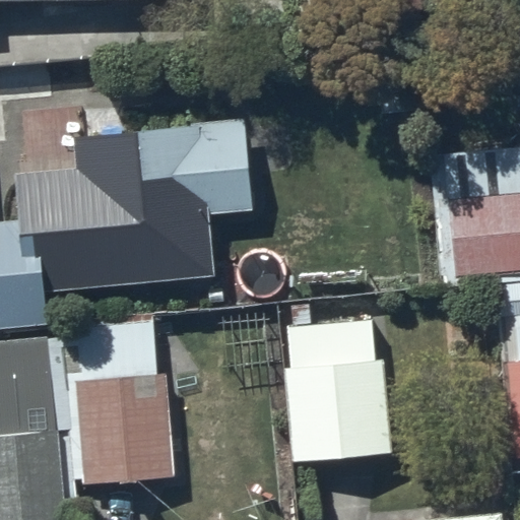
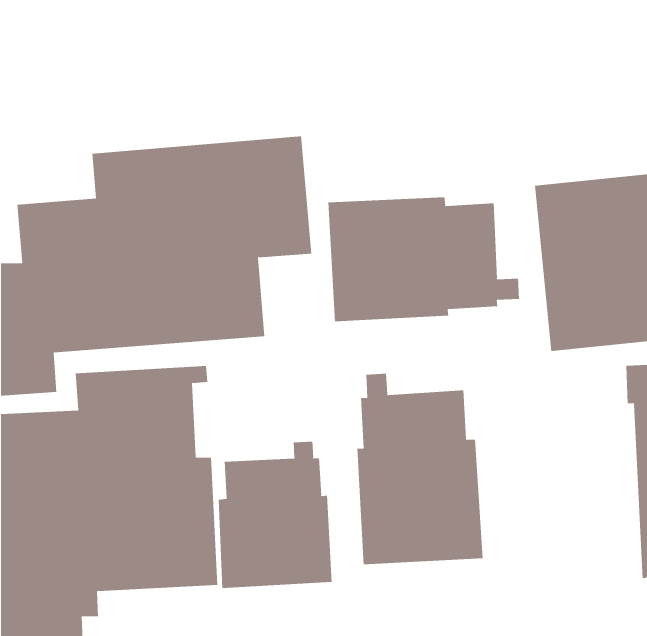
building: none -> [328,197,520,322]
building: none -> [218,441,332,589]

